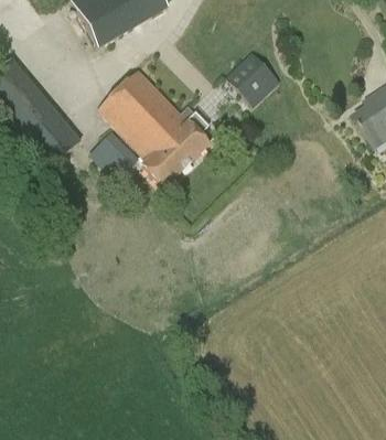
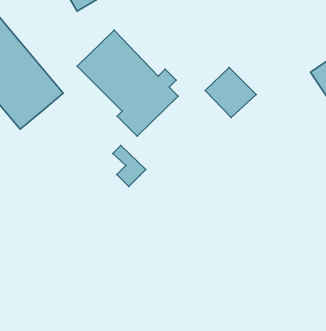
building: [224,49,280,104] -> [205,68,256,118]
building: [99,132,136,178] -> [113,146,146,187]

